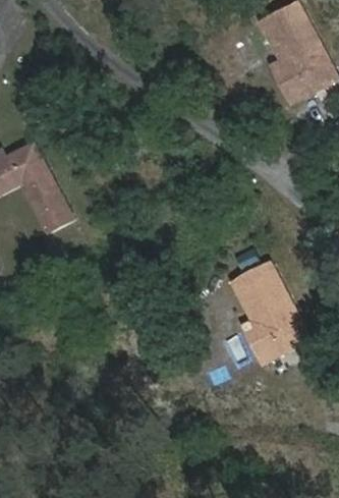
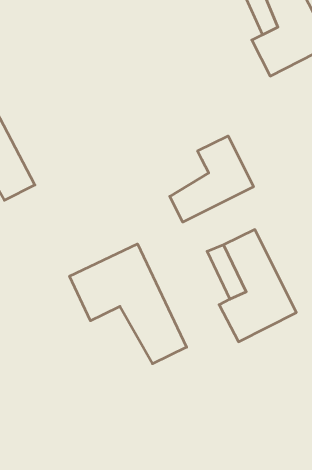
building: none -> [170,136,253,222]
building: none -> [70,244,187,364]

